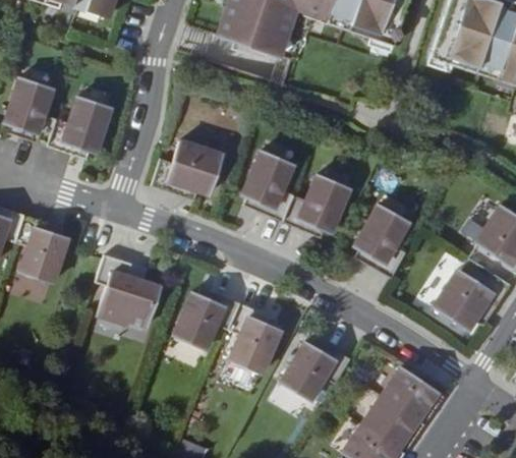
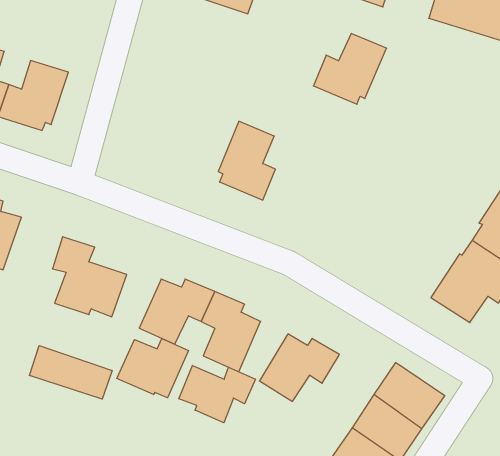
building: [153,138,224,198] -> none
building: [284,173,349,236] -> [313,33,387,104]
building: [356,204,410,276] -> none
building: none -> [117,338,188,398]
building: none -> [29,346,112,399]
building: none -> [179,365,255,423]

